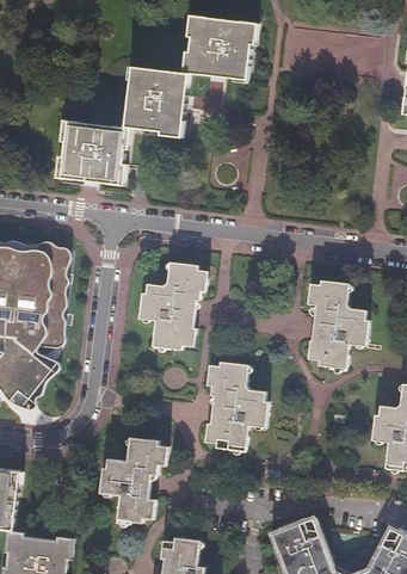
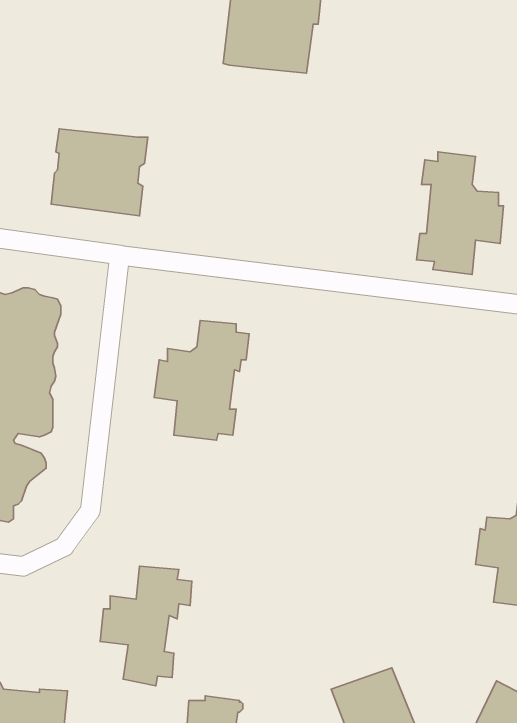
building: [125,69,192,138] -> none
building: [304,279,368,369] -> [417,152,503,275]
building: [204,362,269,453] -> none

